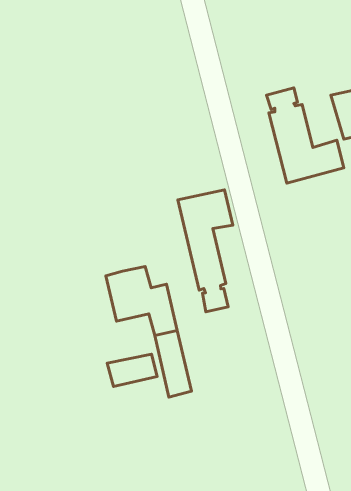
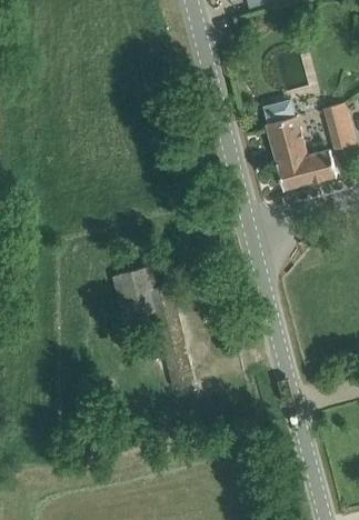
building: [178,190,233,312] -> none
building: [107,354,157,386] -> none

